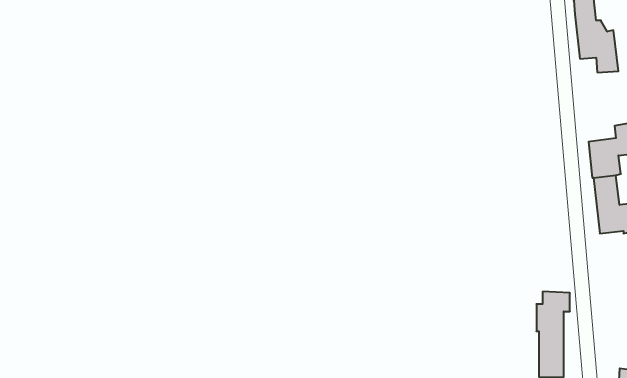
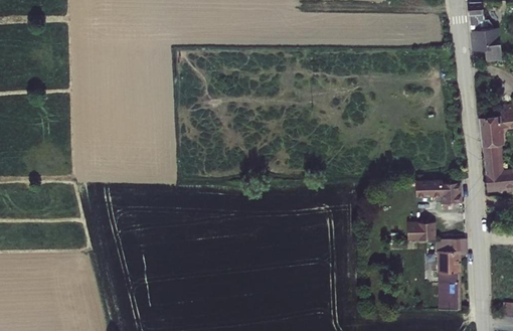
building: none -> [416,181,460,210]
building: none -> [407,221,436,241]

